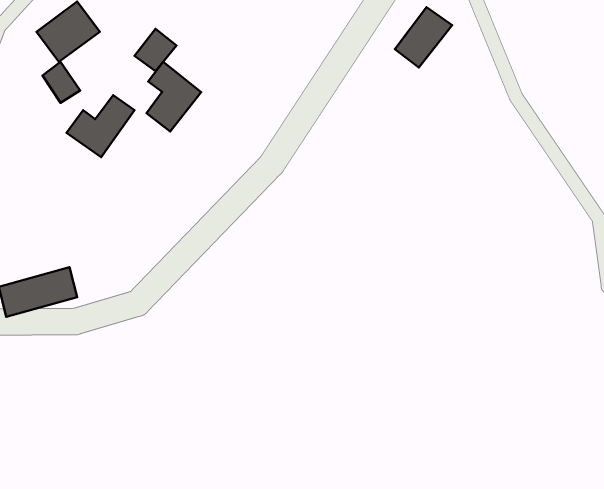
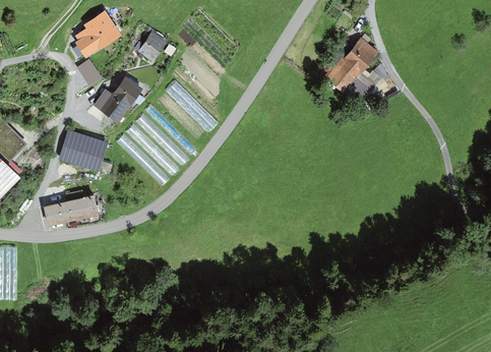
building: [395,7,452,67] -> [333,44,372,84]
building: [147,62,201,132] -> none
building: none -> [64,131,107,169]

